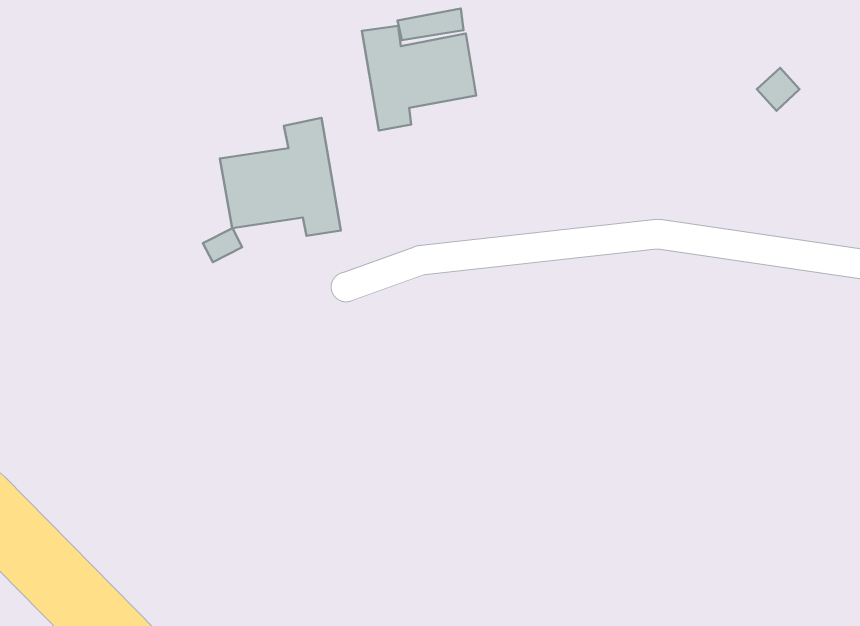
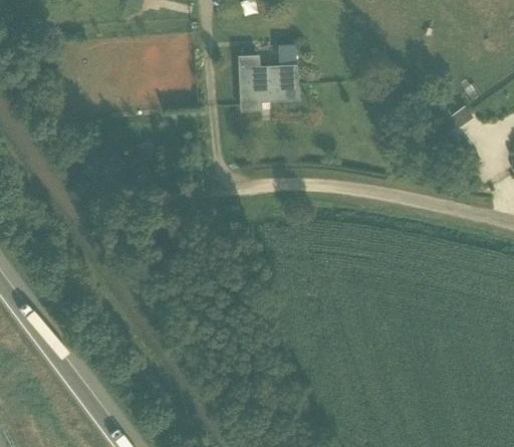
building: [220,118,341,236] -> none

